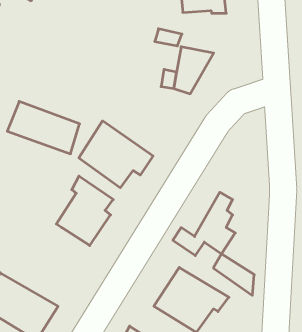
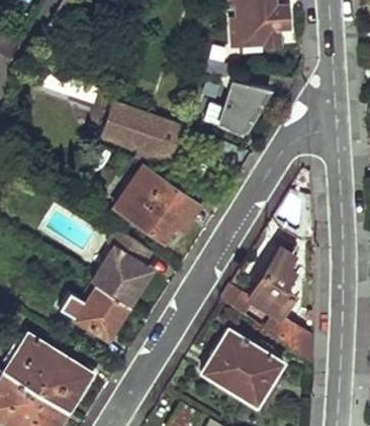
building: [7,101,80,154] -> [102,102,183,161]
building: none -> [59,285,127,339]

